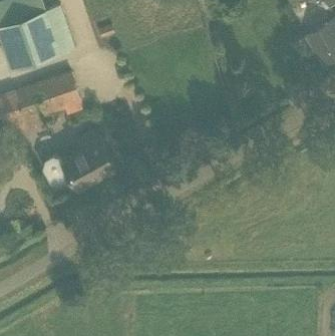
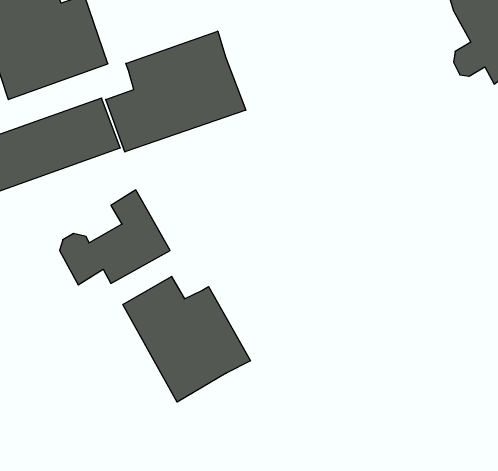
building: none -> [106,31,246,152]
building: none -> [123,276,250,402]

